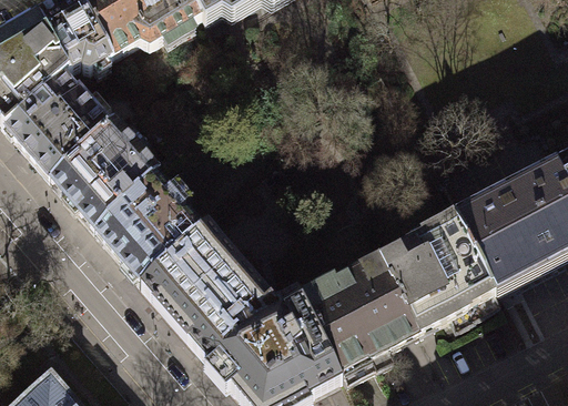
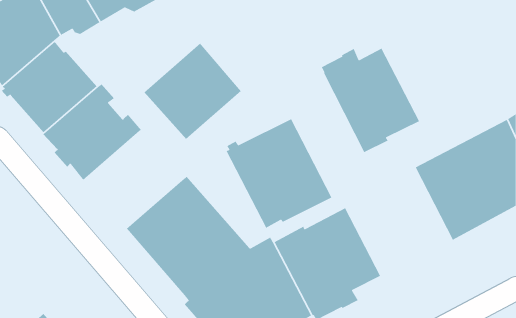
building: none -> [321,47,420,153]
building: none -> [226,118,333,229]
building: [91,170,199,276] -> [143,43,242,140]
building: [377,210,498,328] -> none

